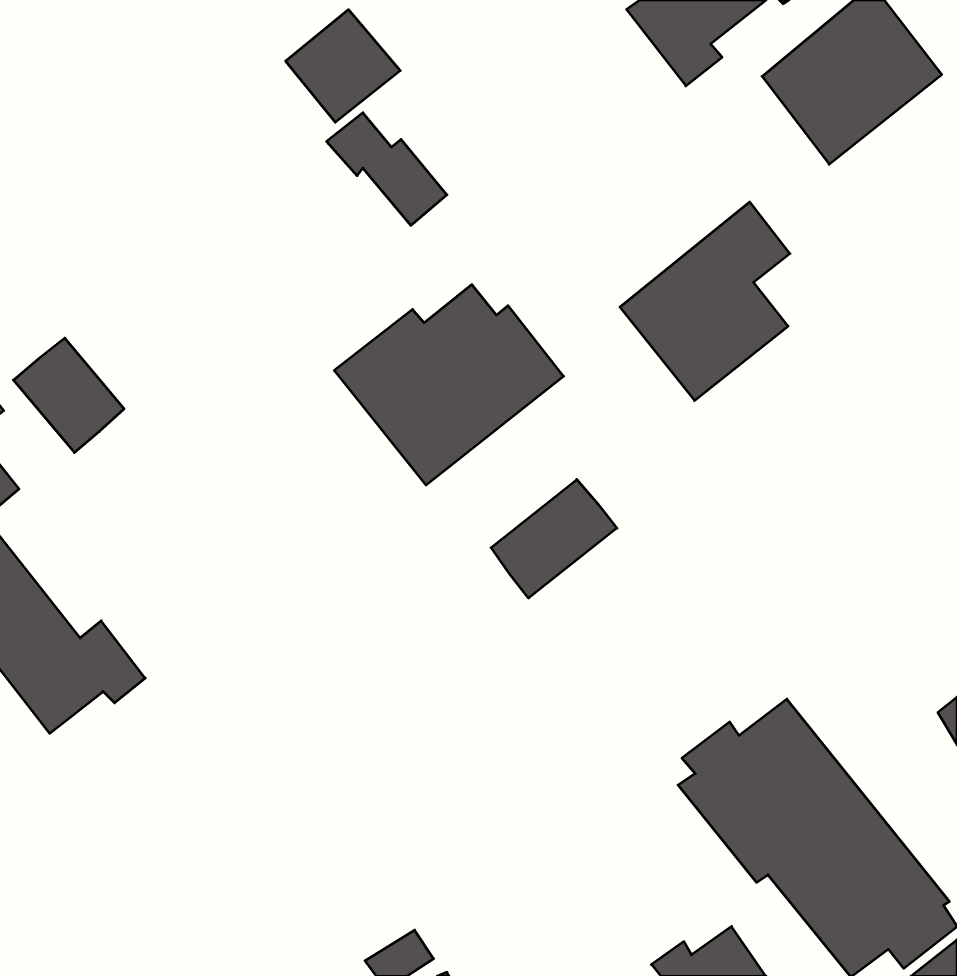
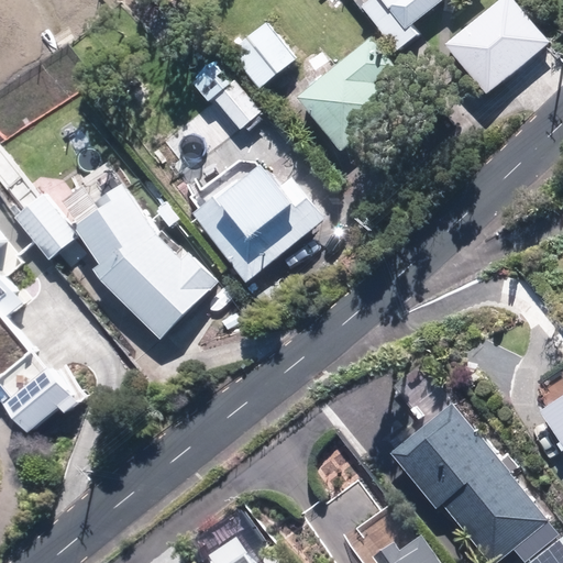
building: [286,10,400,122] -> [229,23,295,88]
building: [620,202,790,401] -> [297,36,395,151]
building: none -> [77,183,216,336]
building: [491,479,617,598] -> none

